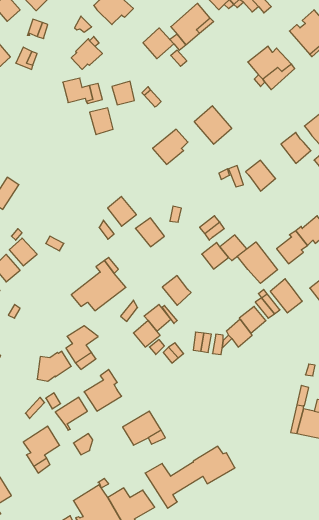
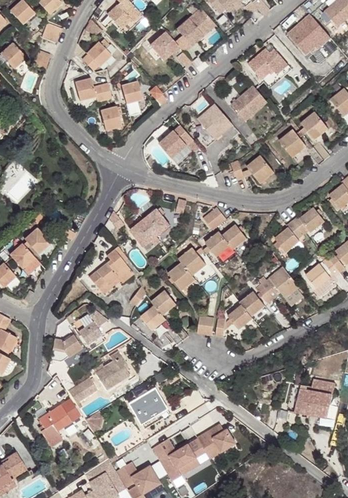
building: none -> [233,86,268,120]
building: [108,196,136,226] -> [130,219,157,247]
building: [237,242,278,283] -> none
building: none -> [179,248,206,276]

